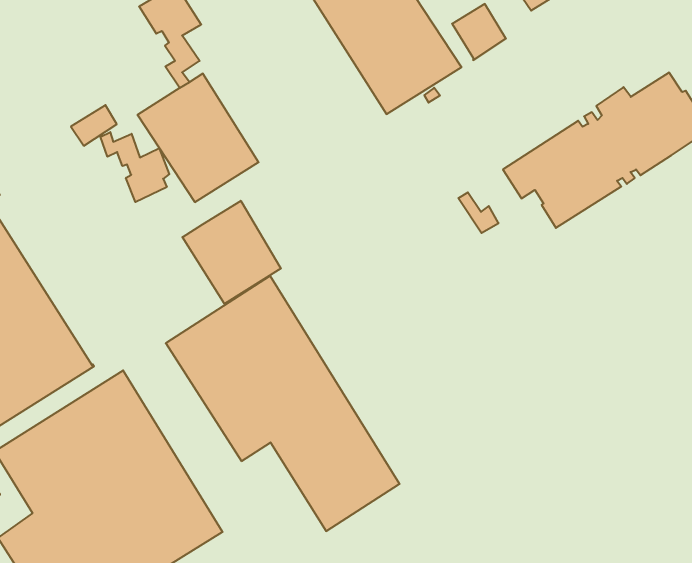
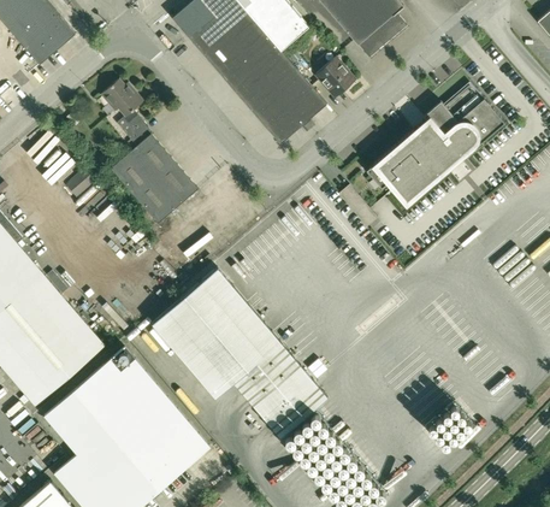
building: [101,132,169,202] -> none
building: [182,201,281,304] -> none

